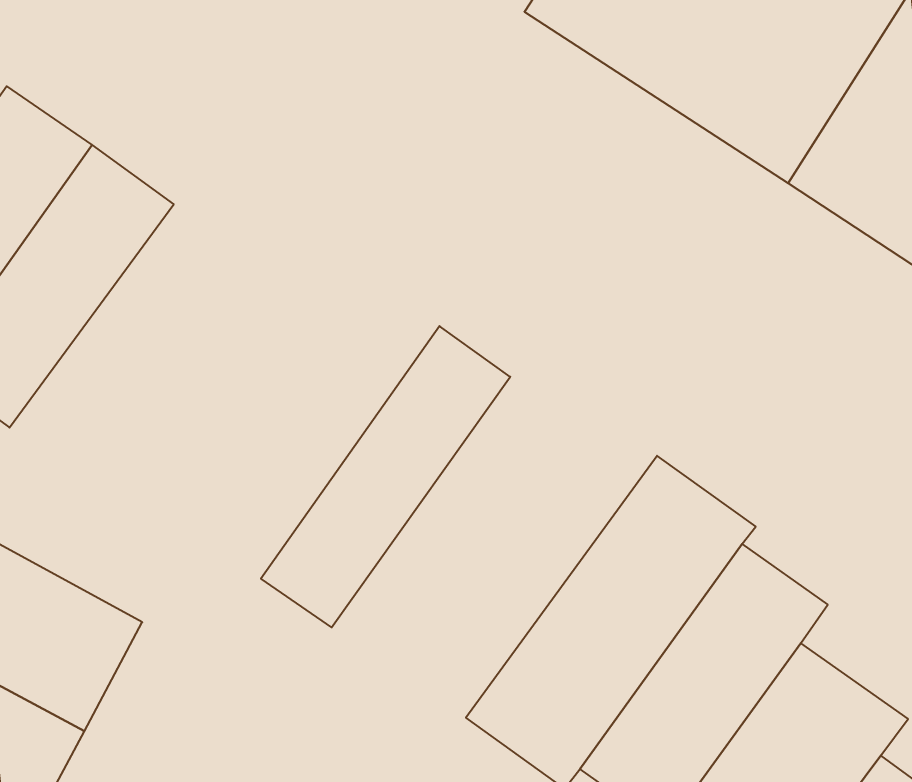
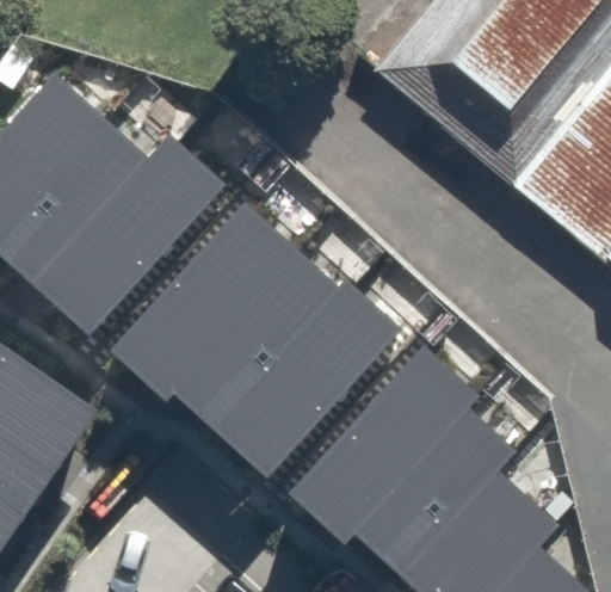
building: none -> [31,134,226,334]
building: none -> [110,202,300,401]
building: none -> [212,279,400,475]

